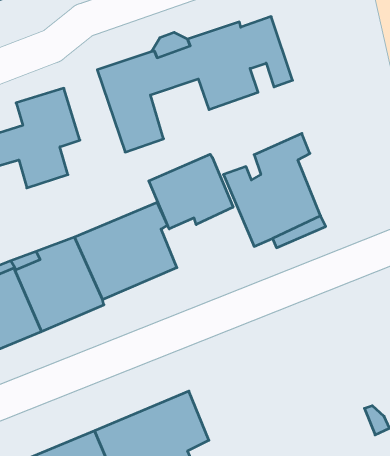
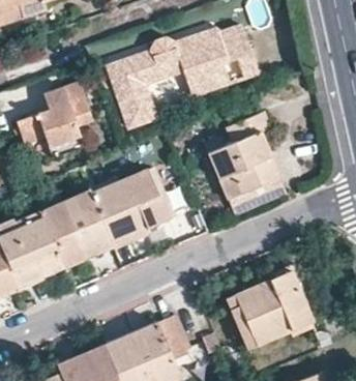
building: [149,154,233,229] -> none
building: none -> [233,272,318,348]

